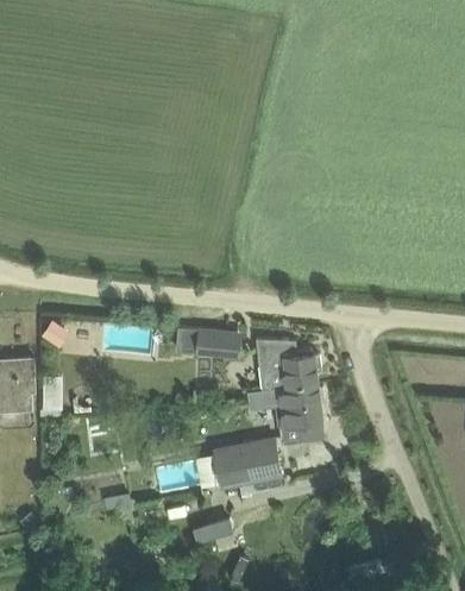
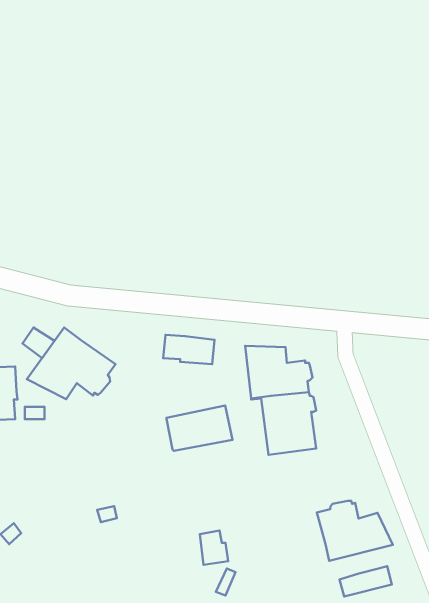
building: none -> [27,328,116,399]
building: [215,440,279,484] -> [167,405,233,451]
building: none -> [317,501,393,561]

